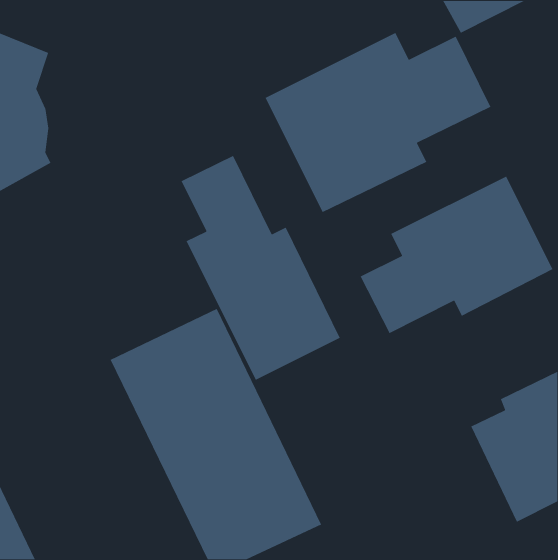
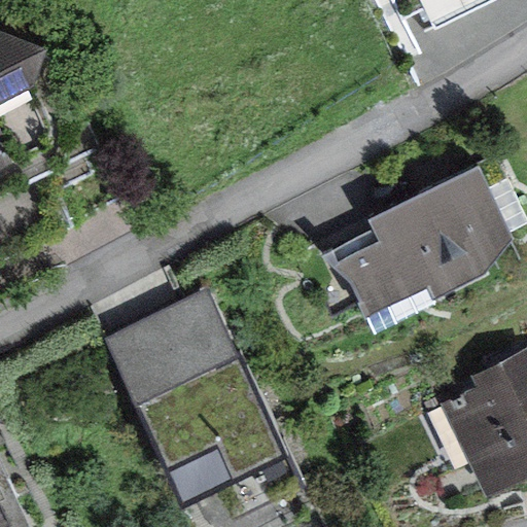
building: [264,32,492,213] -> none
building: [180,155,341,381] -> none

